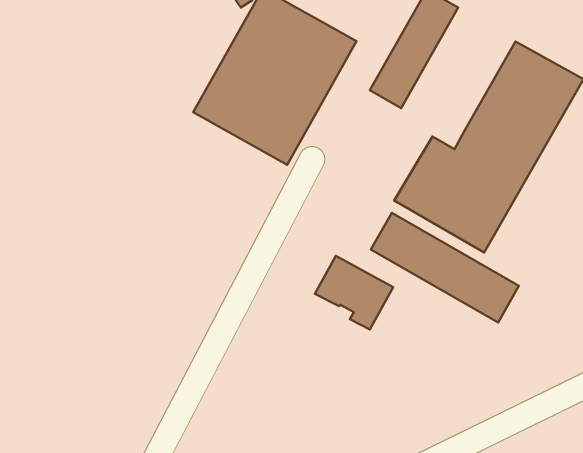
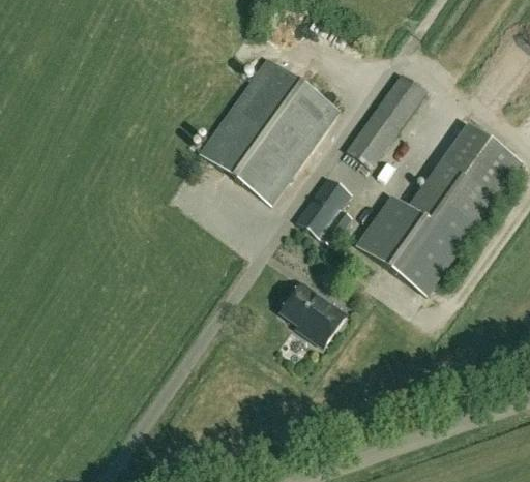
building: none -> [297,176,352,243]
building: [371,213,519,323] -> none

